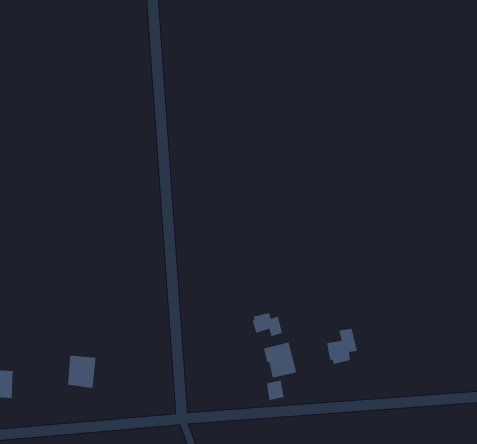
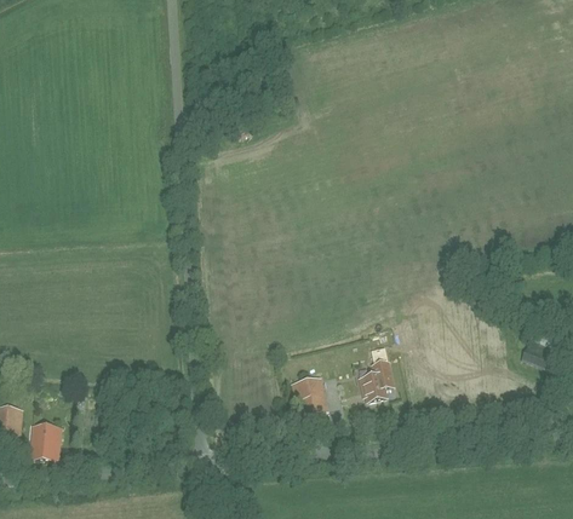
building: [252,312,283,337] -> none
building: [67,355,96,389] -> [30,422,62,459]

